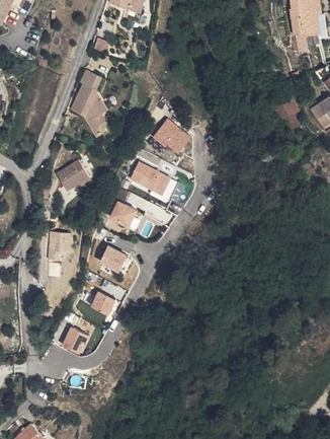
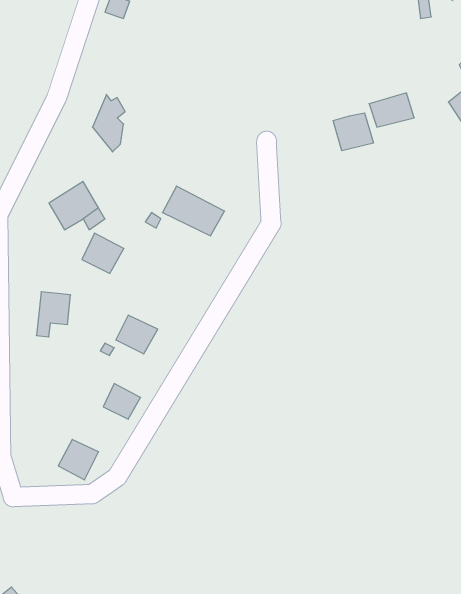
building: [69,72,97,123] -> none
building: none -> [333,113,373,151]
building: [153,118,190,152] -> none
building: [110,200,138,226] -> [82,233,124,273]

